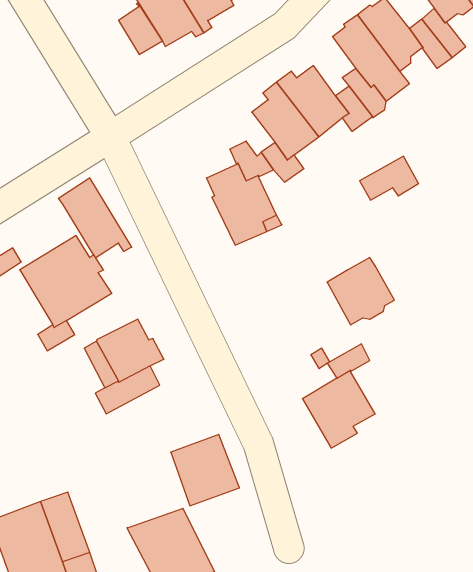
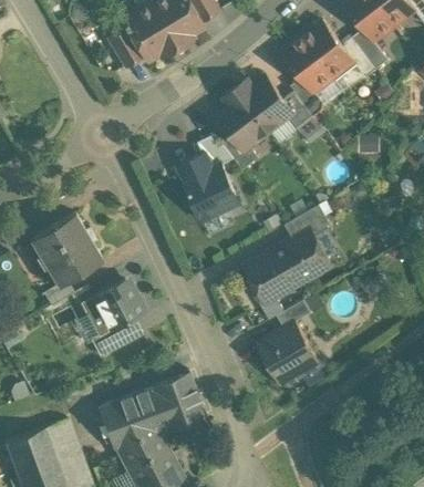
building: [360,156,419,200] -> [285,206,332,241]
building: [59,178,132,258] -> none
building: none -> [246,251,296,303]
building: none -> [101,388,166,449]

